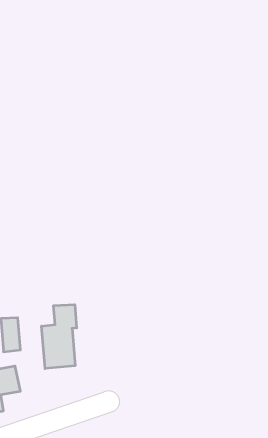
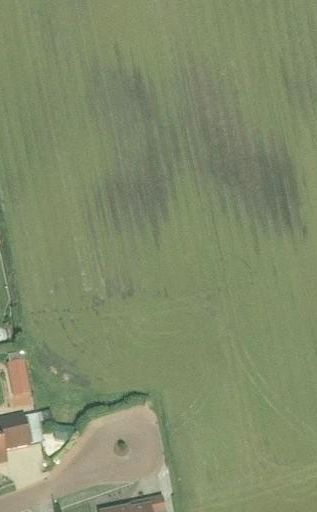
building: [42,305,77,369] -> none

